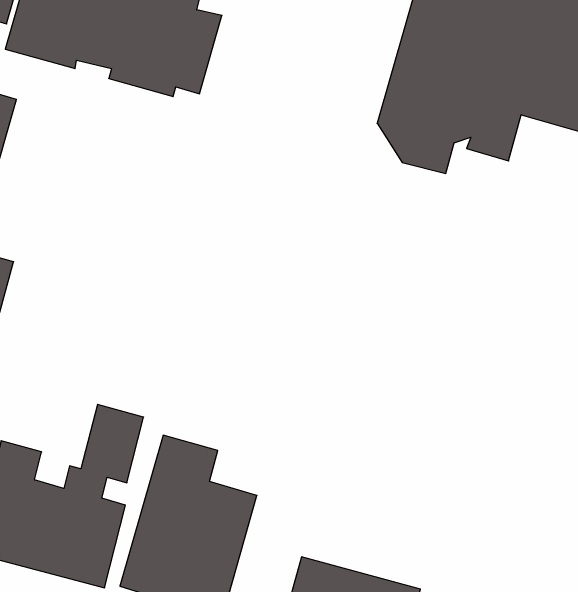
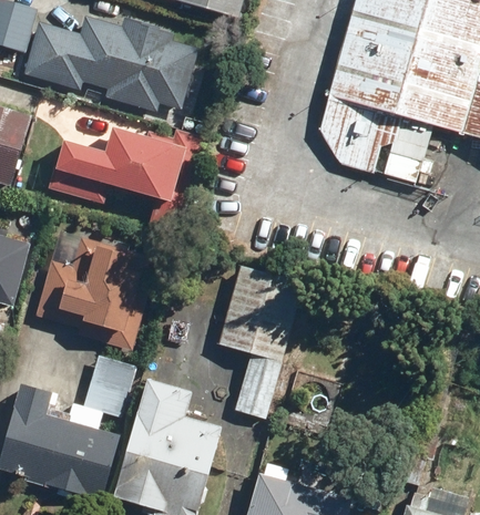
building: none -> [50,126,204,229]
building: none -> [35,234,157,349]
building: none -> [217,262,303,416]

